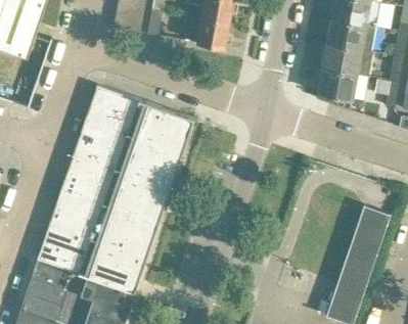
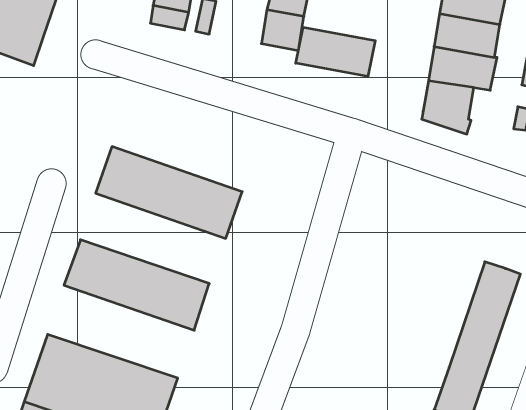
building: none -> [296,27,375,77]
building: [85,87,193,154] -> none
building: [61,155,170,223] -> none
building: [37,224,146,293] -> none

